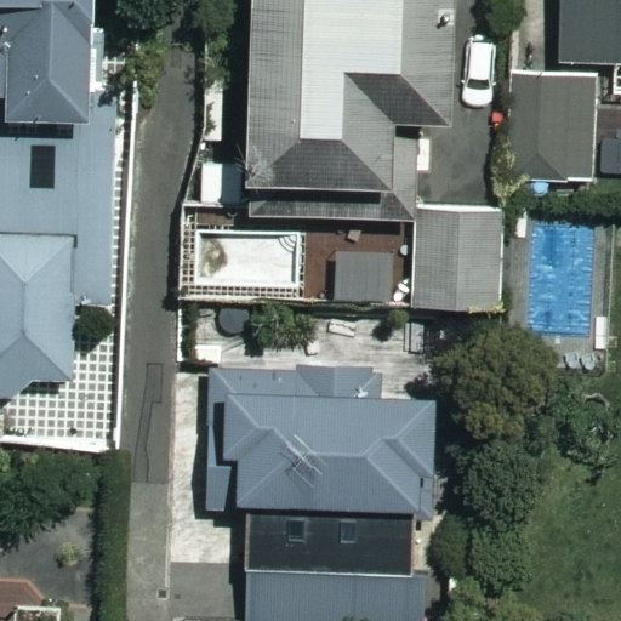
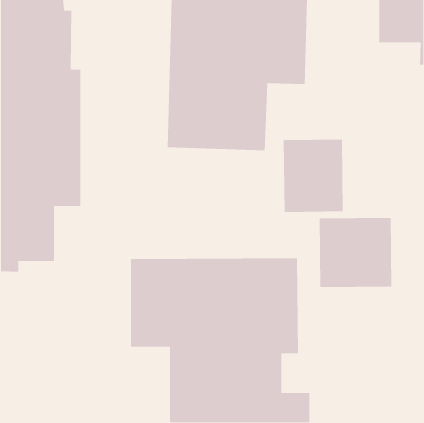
building: [503,73,602,194] -> none
building: none -> [319,217,392,288]

